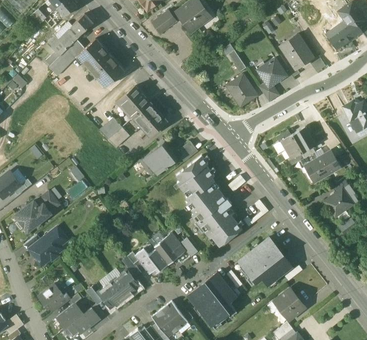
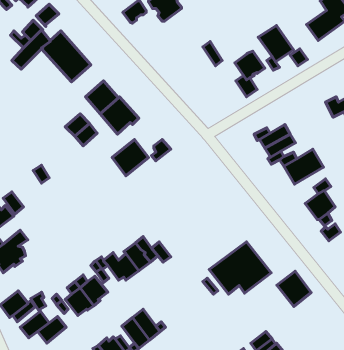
building: [227,75,257,107] -> none
building: [176,156,241,244] -> none
building: [188,274,237,330] -> none
building: [273,288,305,321] -> [277,271,311,306]

